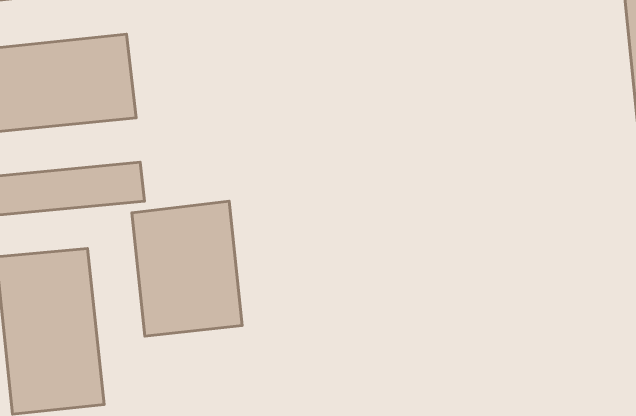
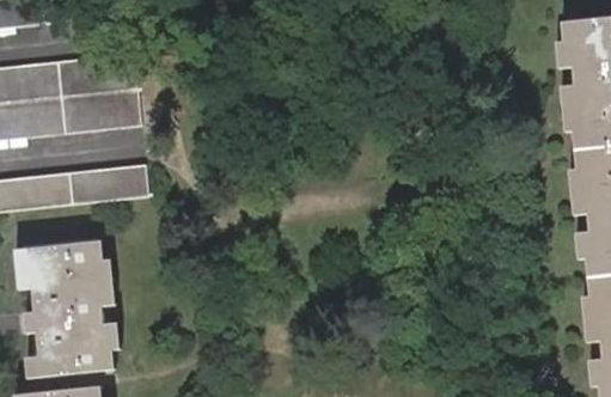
building: [132,201,242,336] -> none

